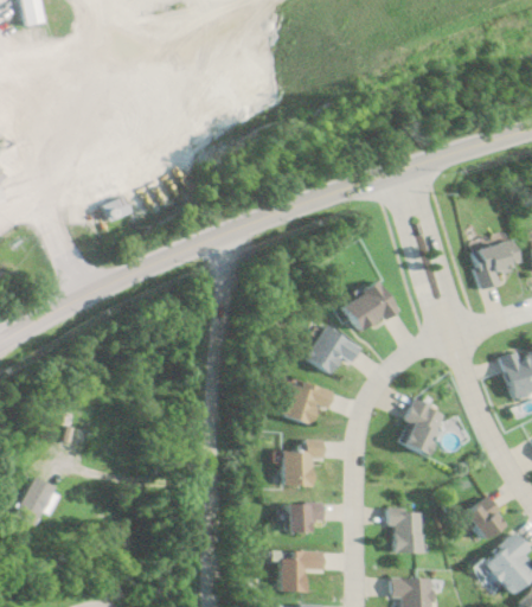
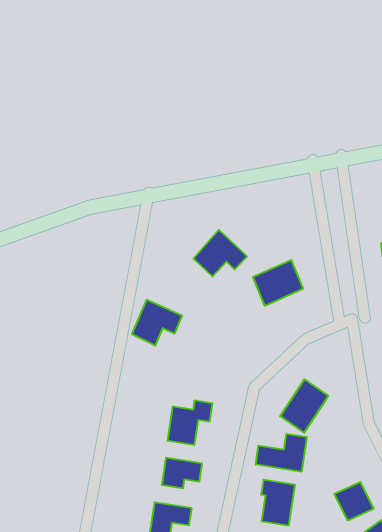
building: [309,326,364,375] -> [193,230,247,277]
building: [287,381,335,426] -> [132,300,182,345]
building: none -> [256,434,307,472]

